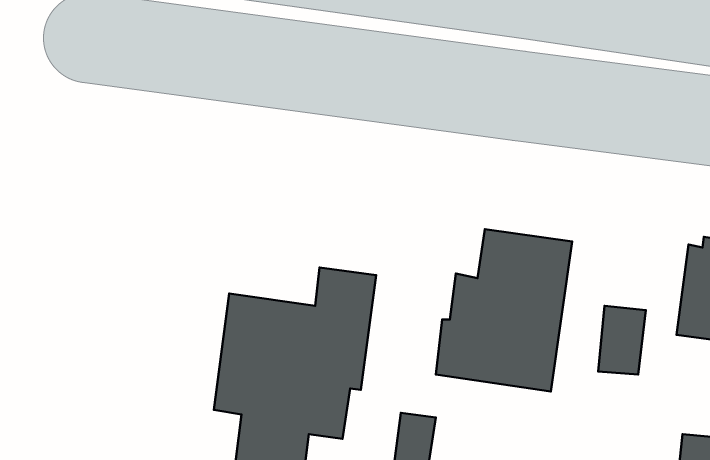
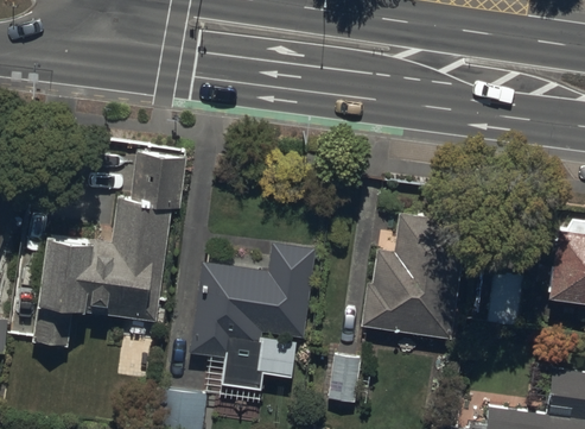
building: none -> [34,154,185,345]

